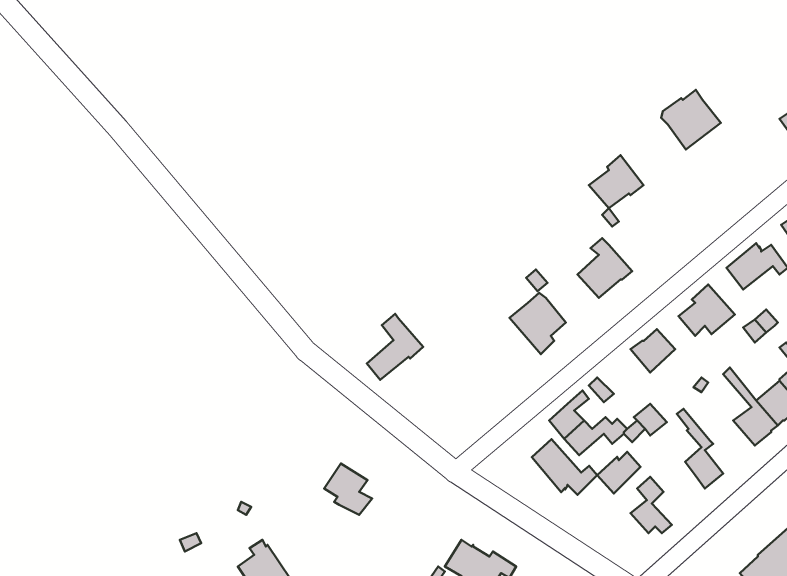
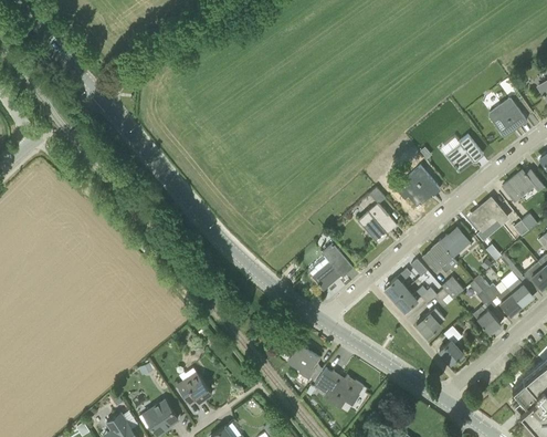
building: [661,90,721,149] -> [487,98,527,138]
building: [589,155,644,208] -> [446,135,483,170]
building: [367,314,423,380] -> [314,244,351,289]
building: none -> [423,241,457,271]
building: none -> [474,275,522,315]
building: [532,439,597,495] -> none
building: [324,464,372,515] -> [291,346,323,381]

